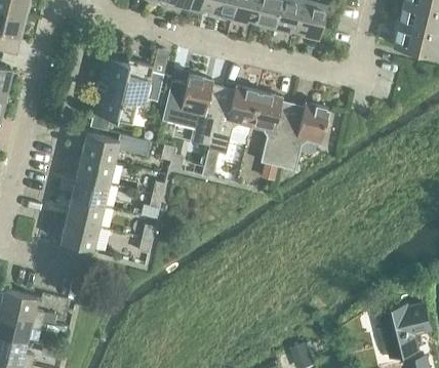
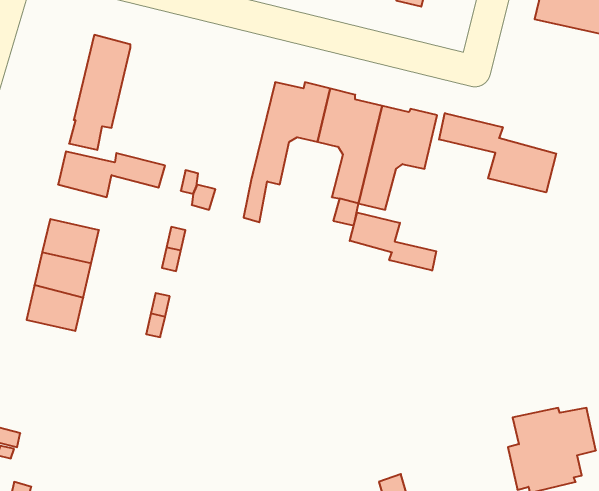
building: [117,63,164,125] -> none
building: [162,75,224,146] -> none
building: none -> [439,113,556,192]
building: [77,154,114,183] -> none
building: none -> [350,212,436,271]

